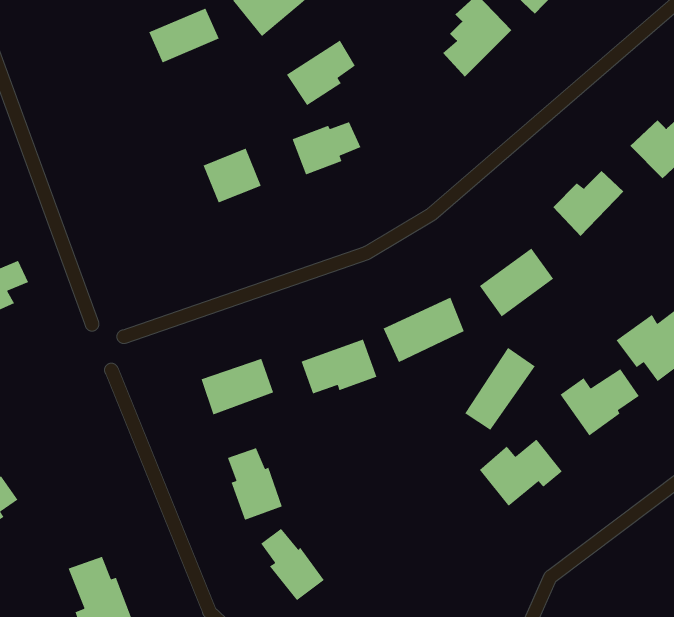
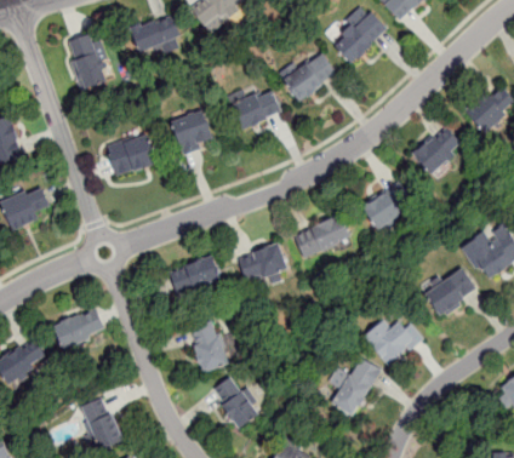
building: none -> [69,35,108,91]
building: [286,40,356,106] -> [285,56,333,102]
building: none -> [108,137,156,177]
building: [464,347,536,431] -> [330,355,379,413]
building: none -> [53,308,104,349]

